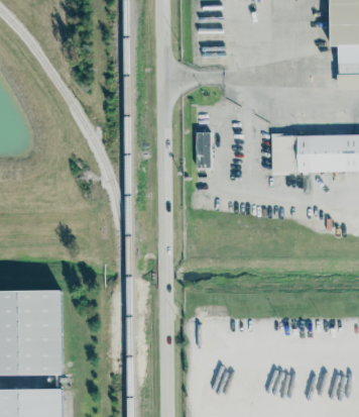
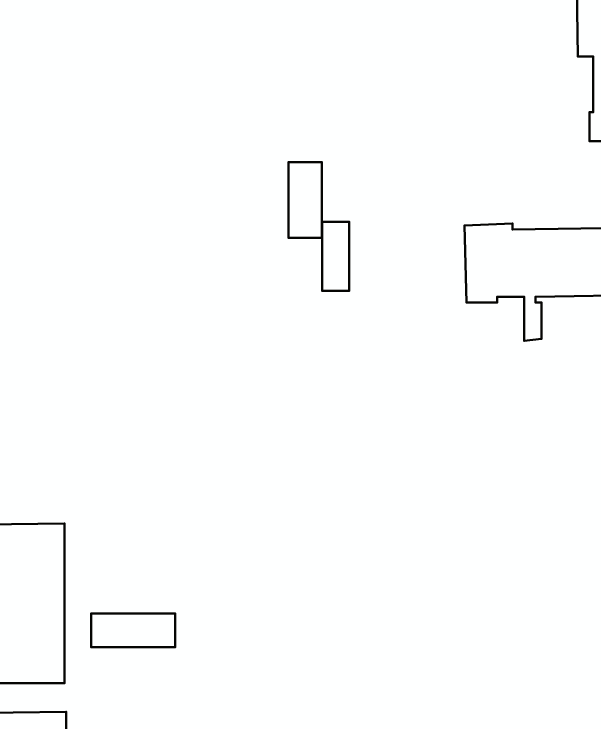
building: none -> [289,162,322,238]
building: none -> [91,614,175,647]

